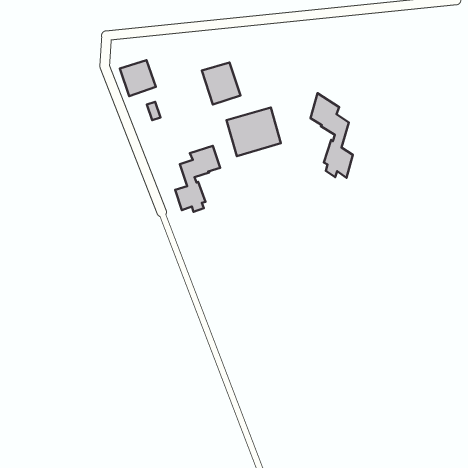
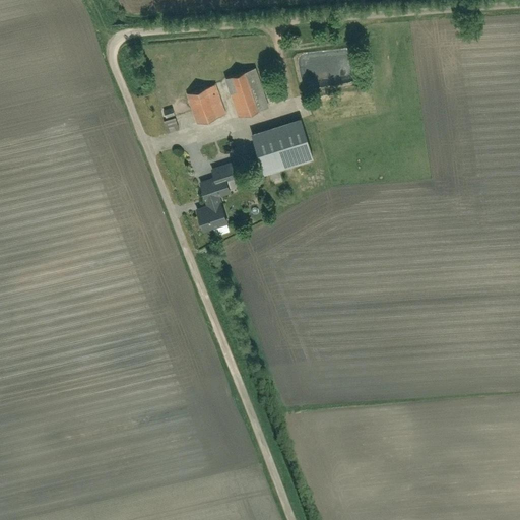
building: [120,60,156,96] -> [186,85,225,125]
building: [310,93,353,178] -> none

